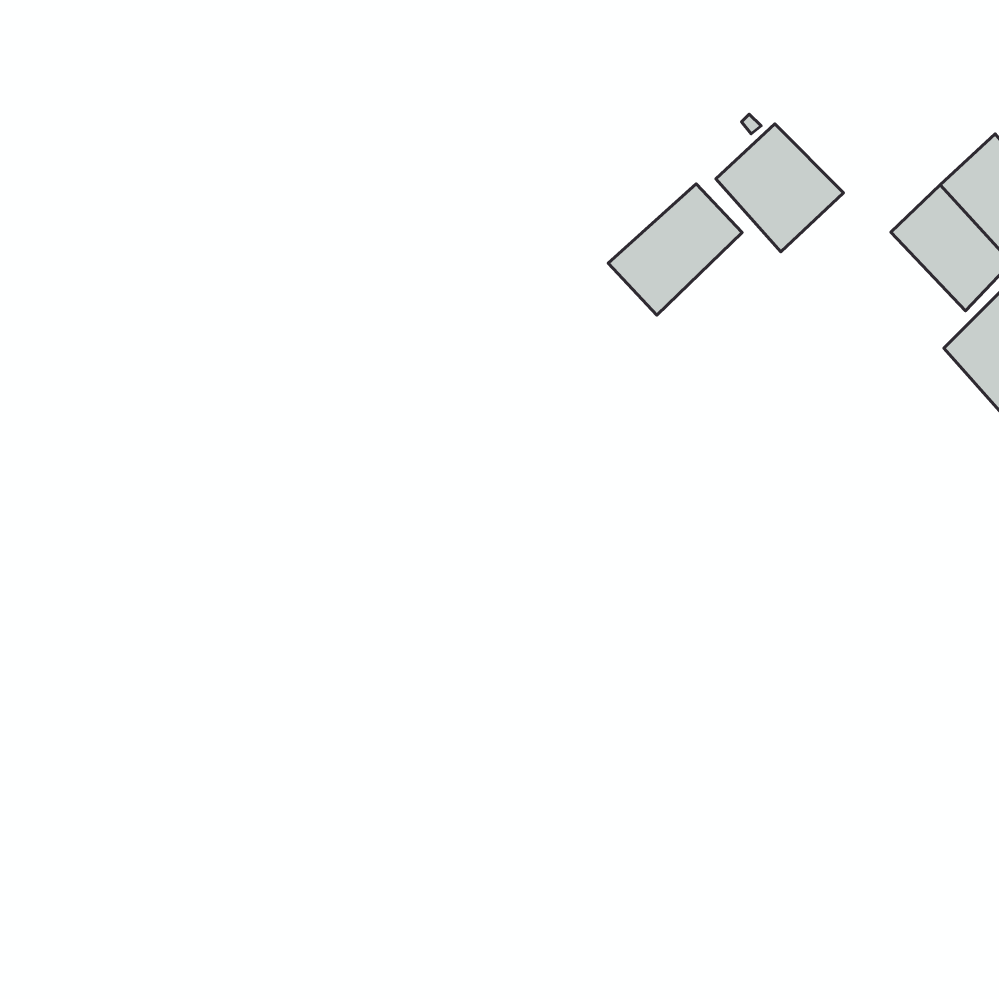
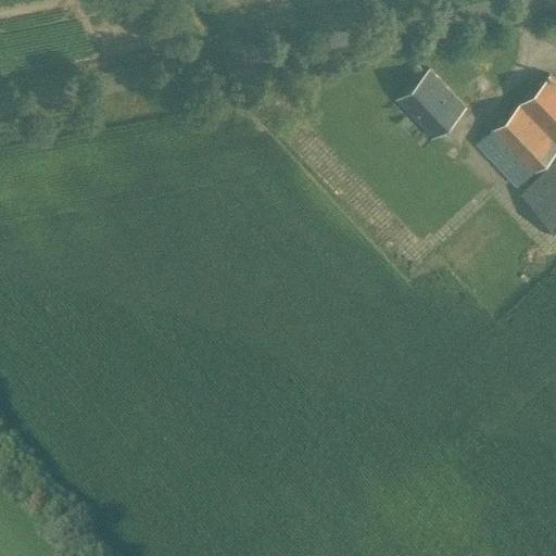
building: [608,184,742,315] -> none
building: none -> [479,131,536,190]

